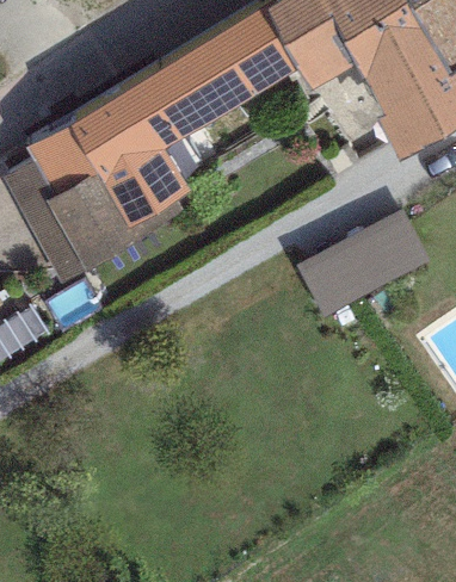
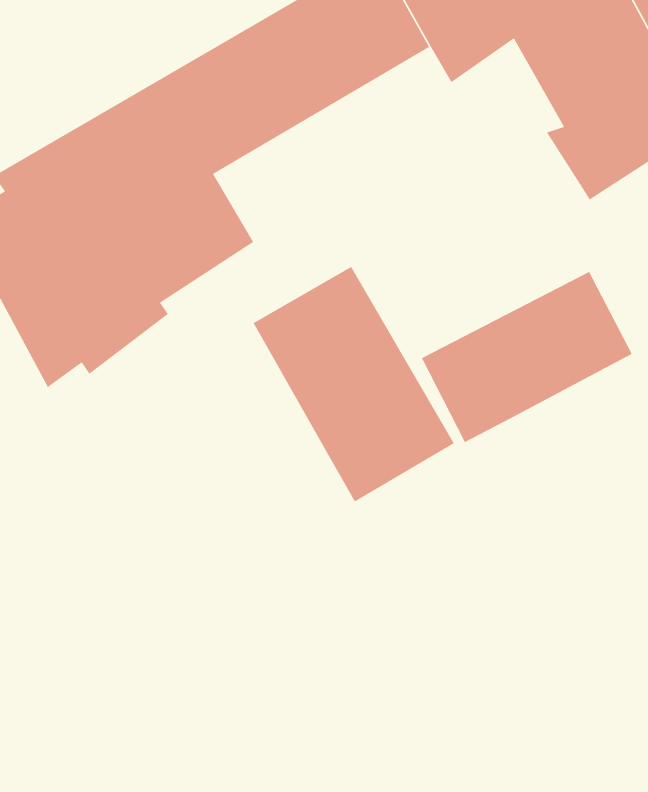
building: none -> [253,266,455,502]

